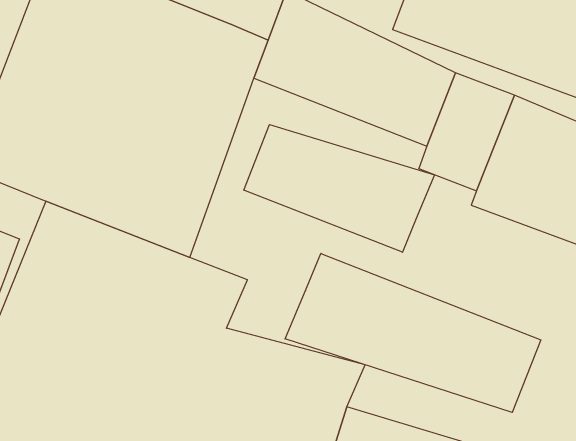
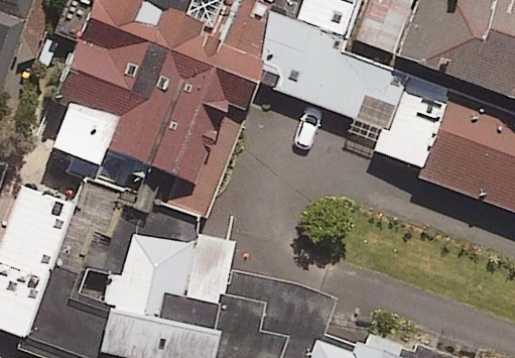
building: [244,125,434,252] -> none
building: [285,253,541,412] -> none

